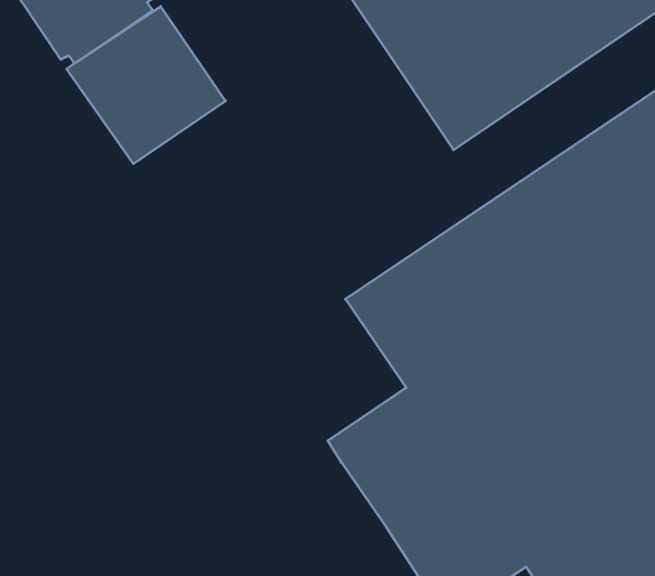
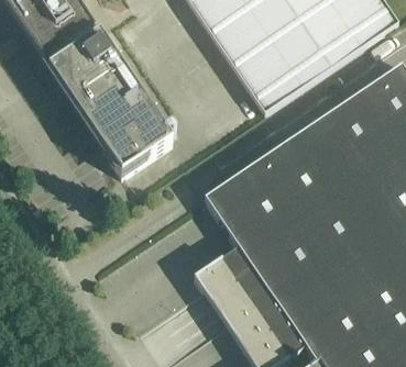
building: none -> [86,84,175,174]

